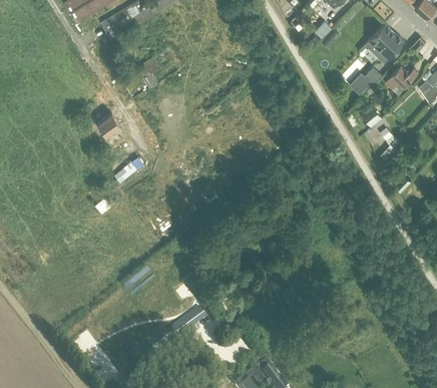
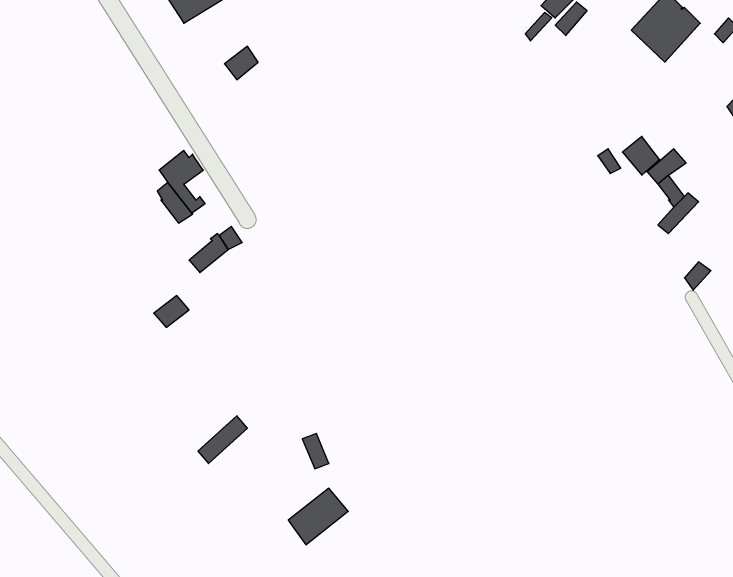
building: [385,65,418,95] -> none
building: [350,66,383,95] -> none

